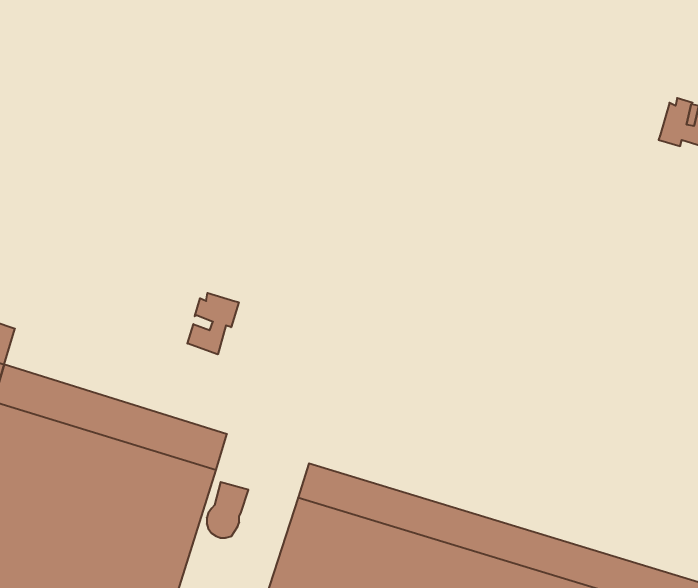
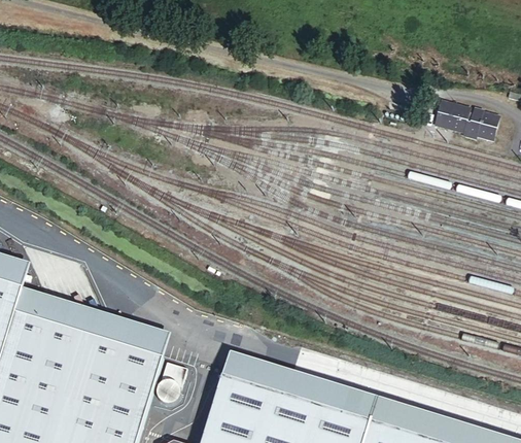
building: none -> [436,104,467,134]
building: [187,293,239,354] -> none

